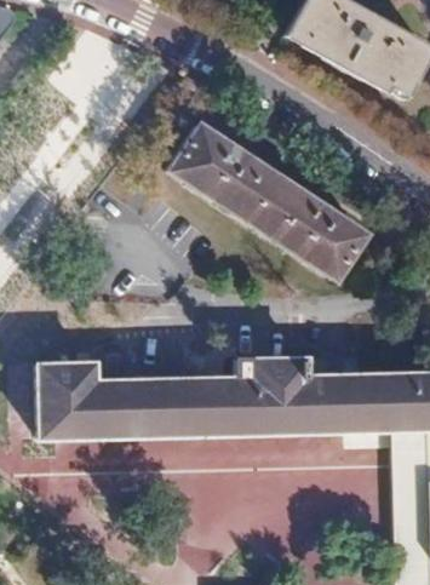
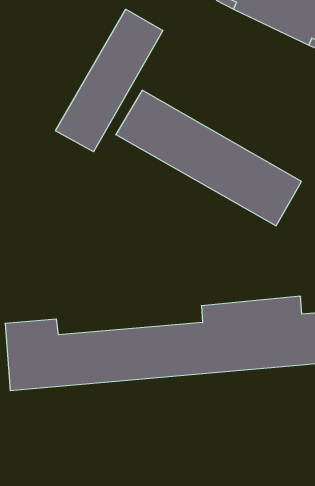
building: none -> [56,9,163,152]

